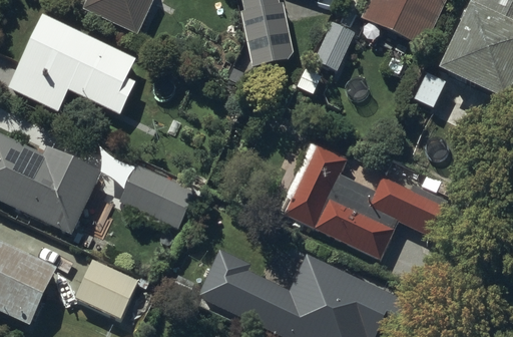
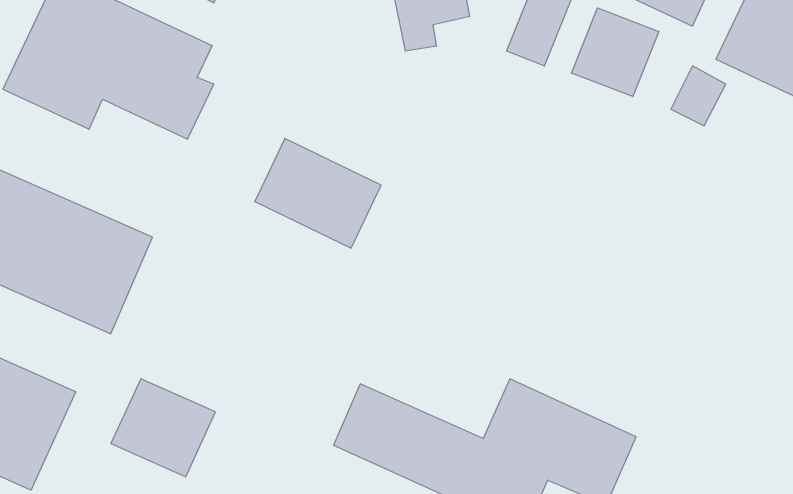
building: none -> [571,8,659,97]
building: [280,142,450,259] -> none
building: [118,162,194,229] -> [255,138,381,248]

